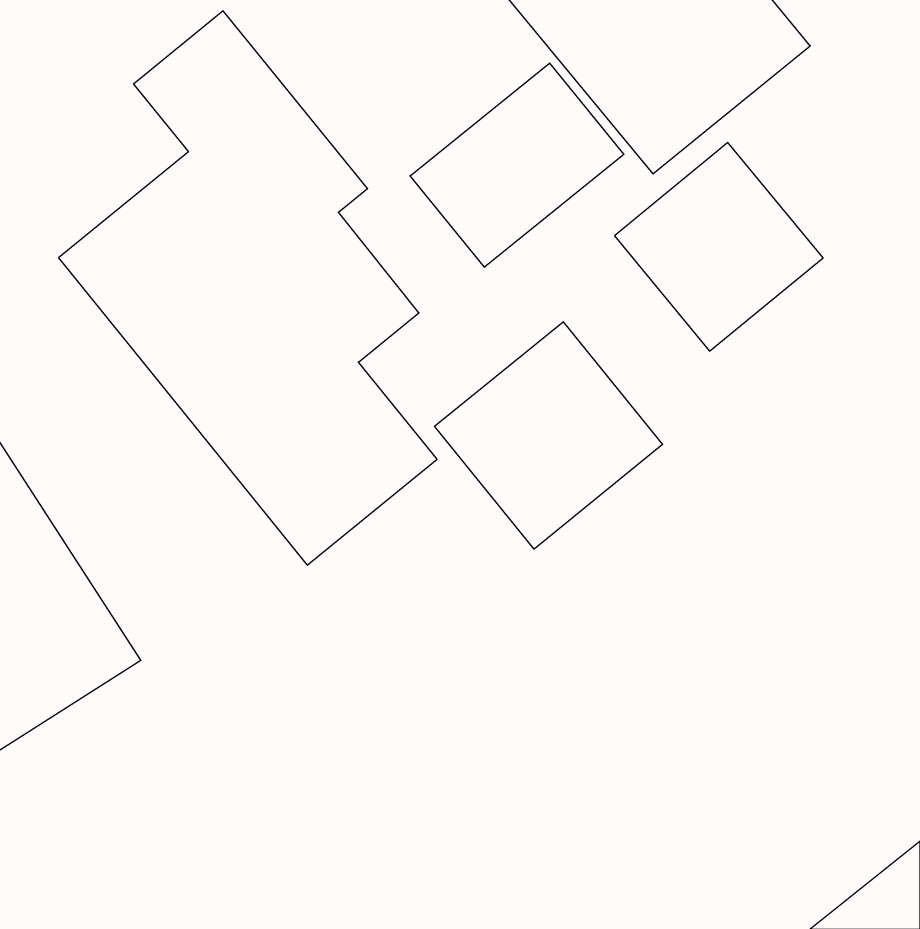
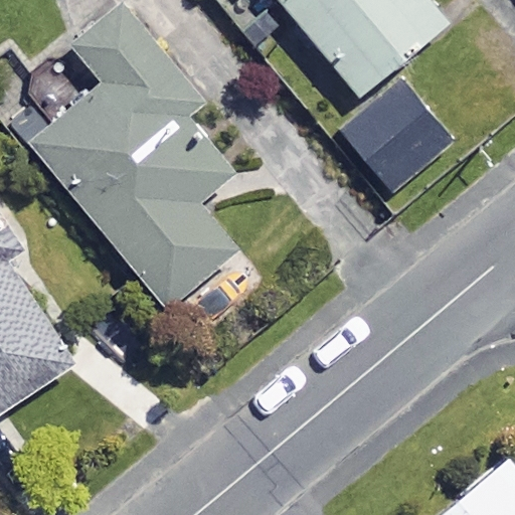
building: [410,63,624,267] -> none
building: [435,322,663,549] -> none

